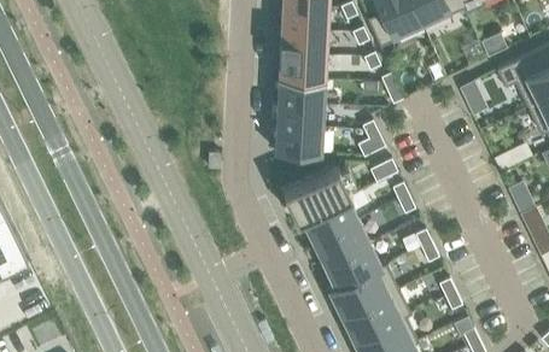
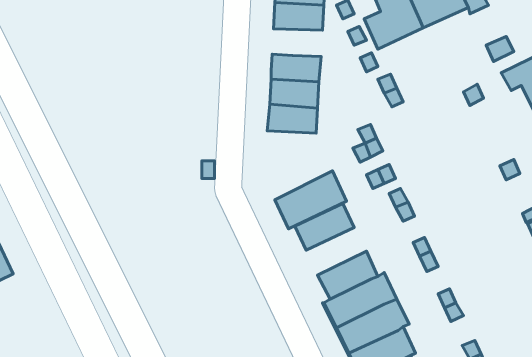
building: [280,30,328,57] -> none
building: [274,128,322,156] -> none
building: [313,221,370,266] -> none

